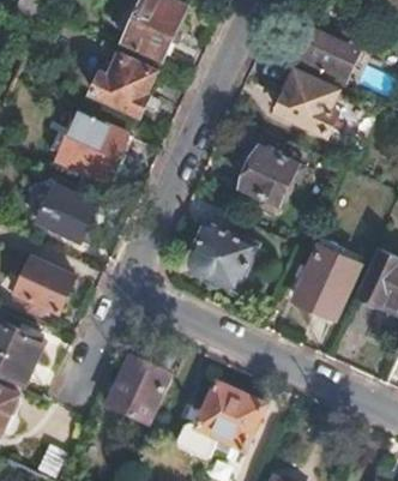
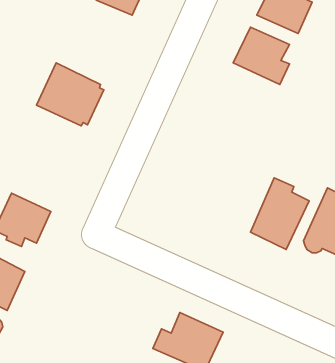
building: [92,55,156,114] -> none
building: [241,144,303,211] -> none
building: [37,185,96,240] -> none
building: [189,223,254,279] -> none
building: [108,359,171,426] -> none

